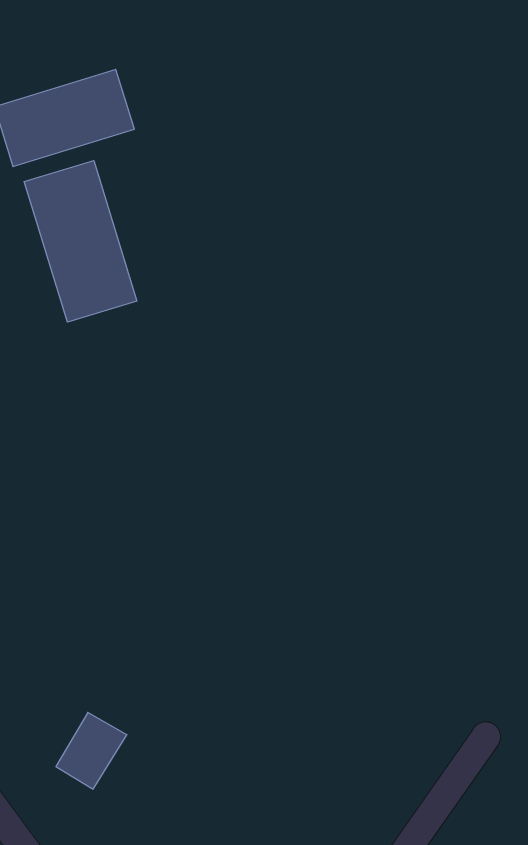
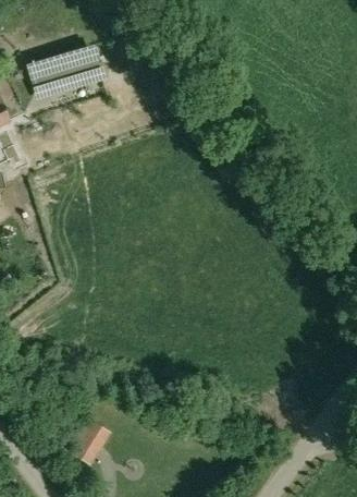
building: [24,161,137,322] -> none

